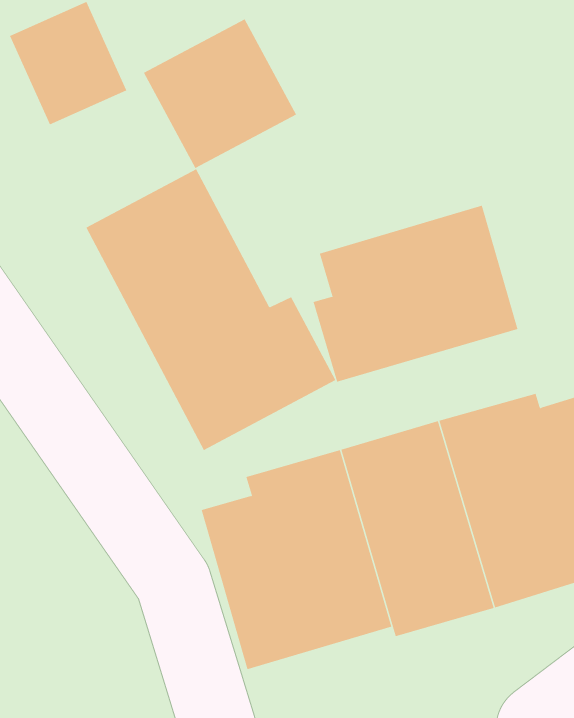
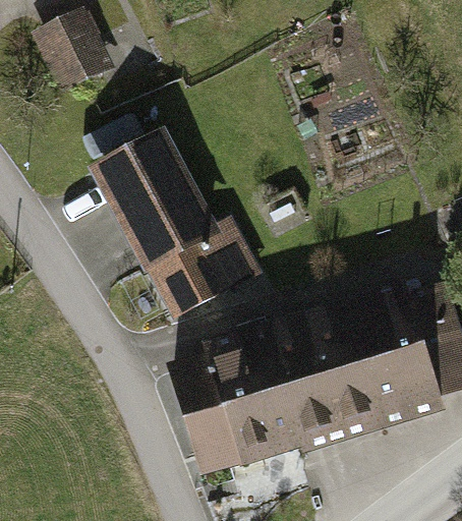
building: [143,18,297,169] -> none
building: [313,205,518,383] -> none

